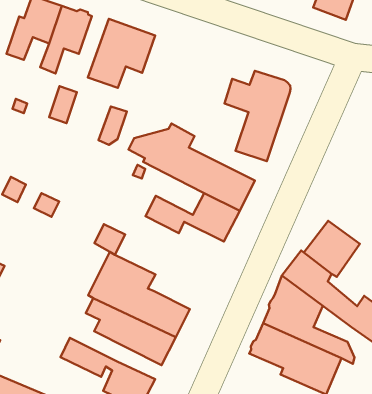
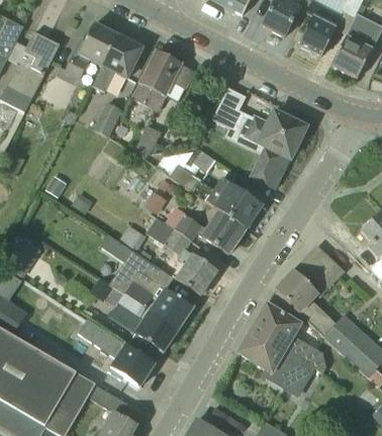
building: none -> [211,87,246,127]
building: none -> [145,216,216,295]

